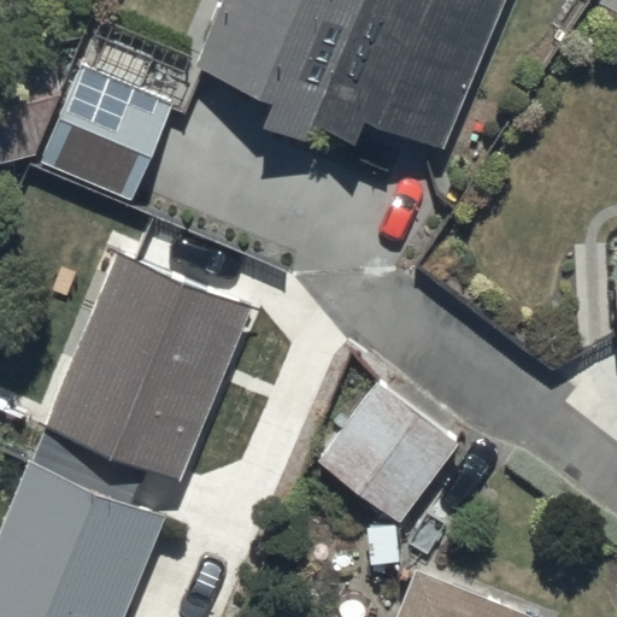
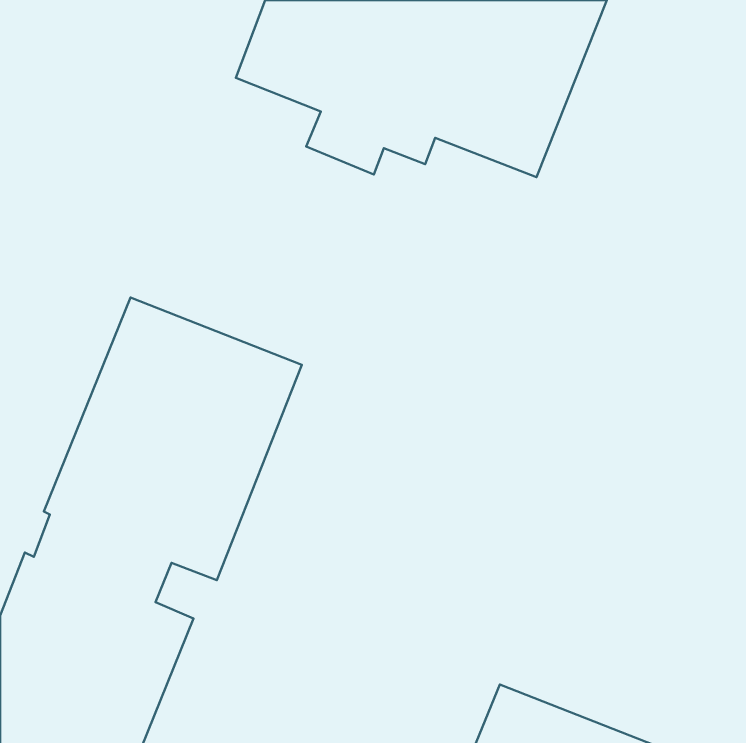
building: [42,20,171,200] -> none
building: [317,381,463,524] -> none

